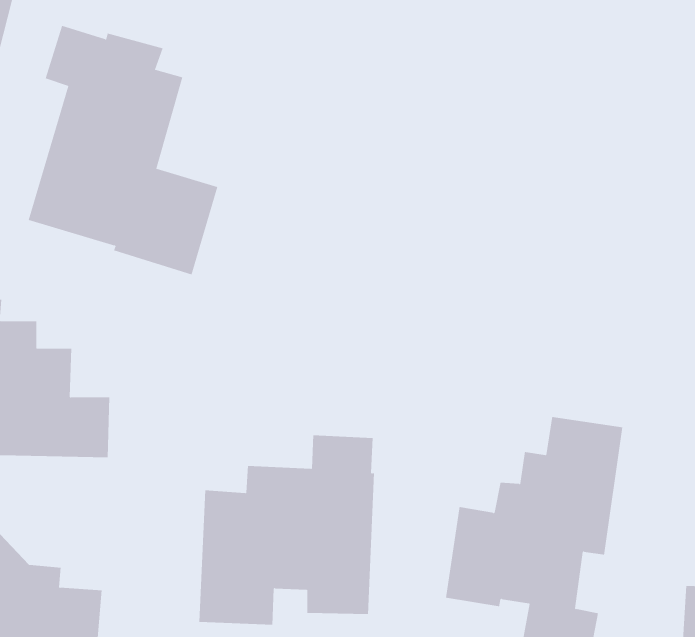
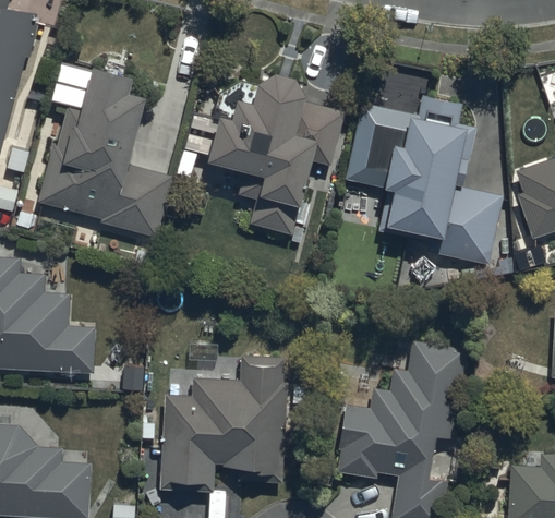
building: none -> [209,74,347,234]
building: none -> [345,94,504,267]

